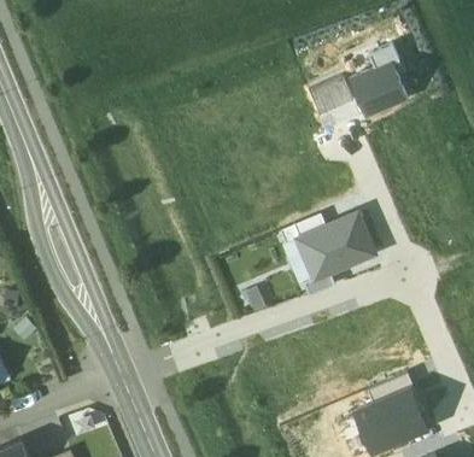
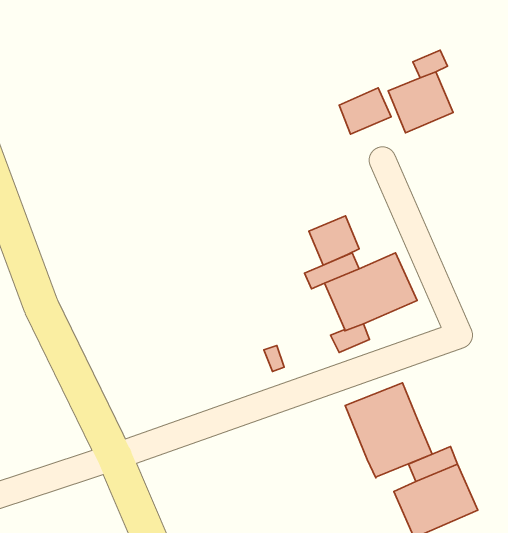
building: none -> [309,216,359,265]
building: none -> [345,383,432,478]

